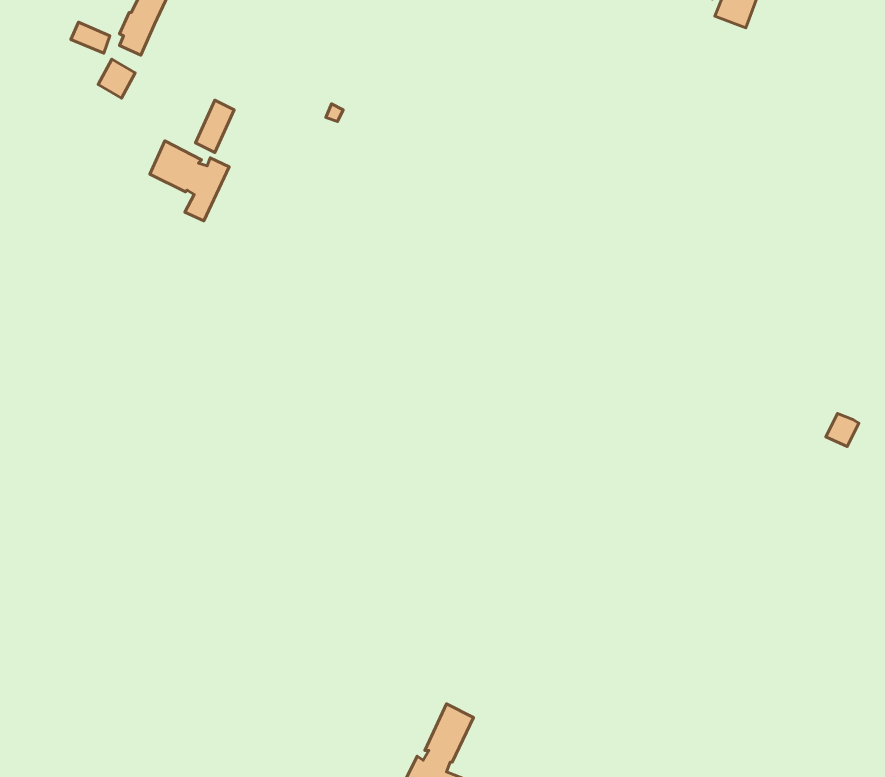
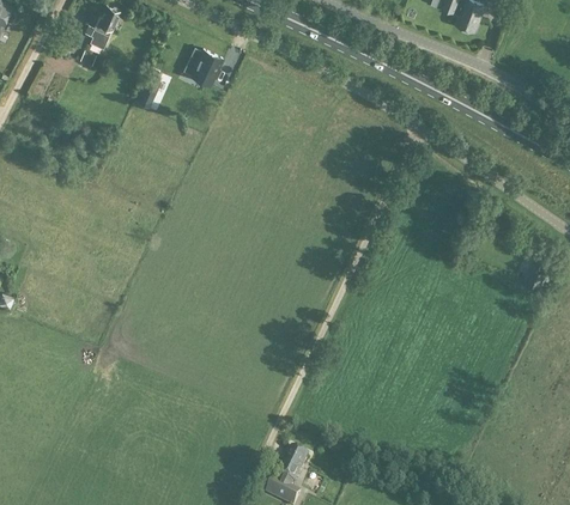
building: none -> [189,48,222,84]
building: [150,141,229,221] -> none

